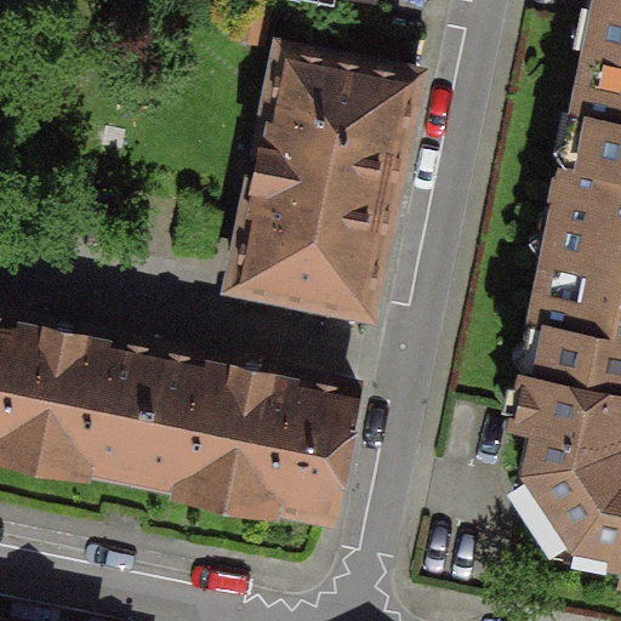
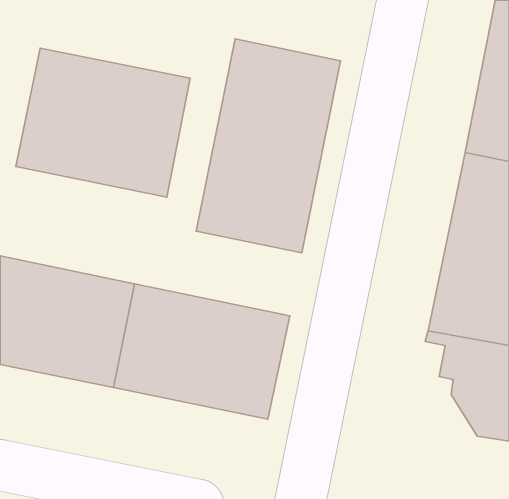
building: none -> [16,48,190,197]

